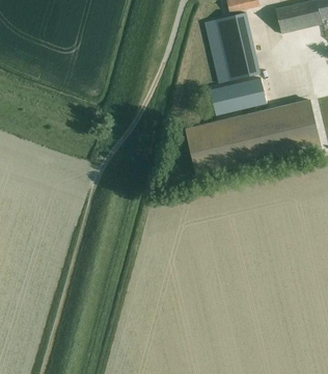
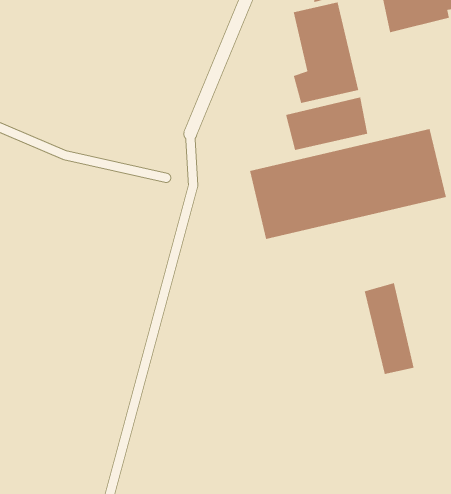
building: none -> [364,282,415,375]

